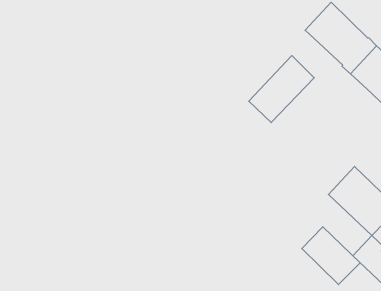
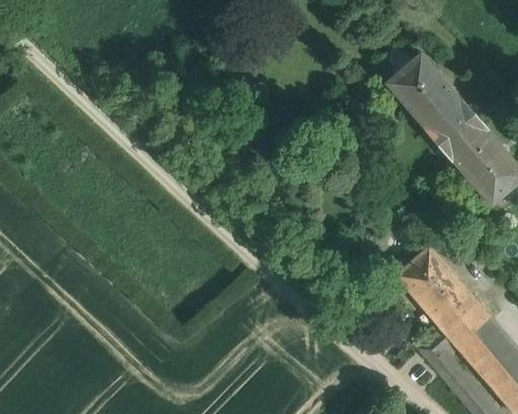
building: [249,56,314,123] -> none
building: [302,227,360,285] -> none

